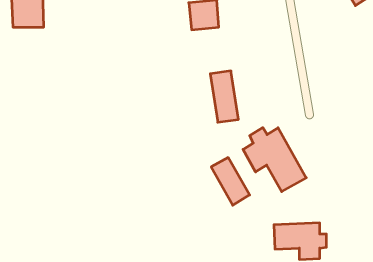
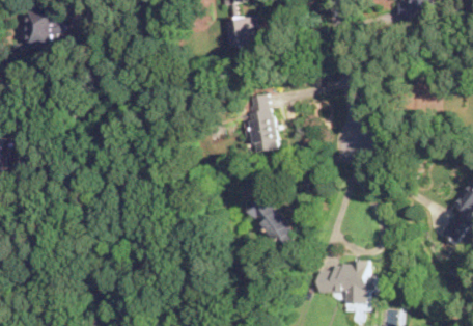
building: [243,128,306,192] -> none

